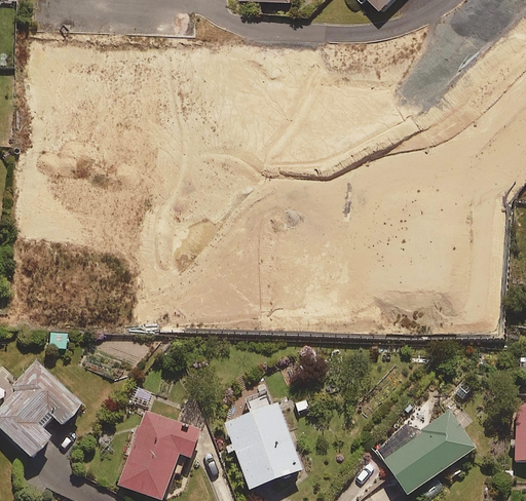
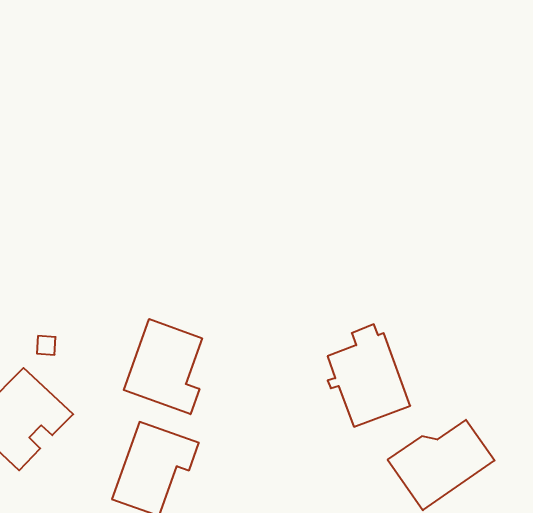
building: none -> [124,319,202,414]
building: [225,393,302,489] -> [328,324,410,427]

